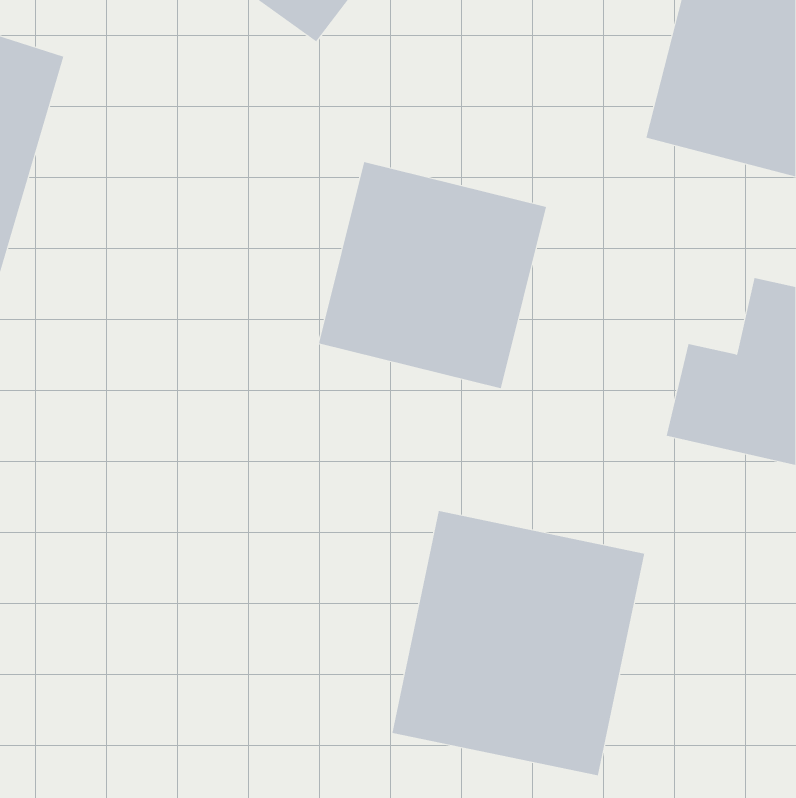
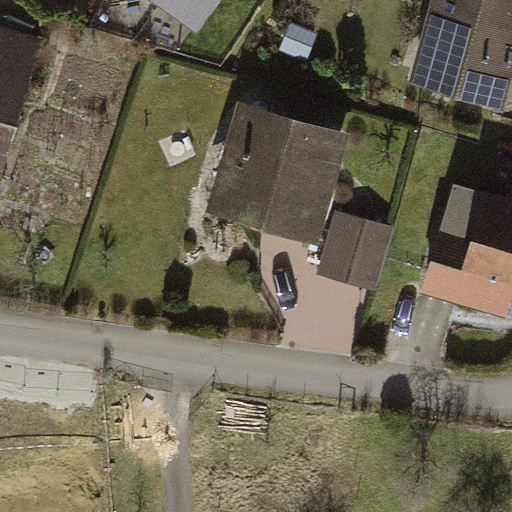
building: none -> [322,215,394,289]
building: [392,510,645,776] -> none

